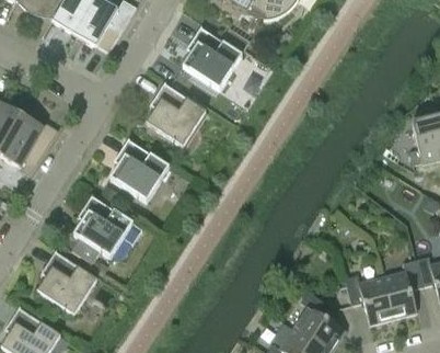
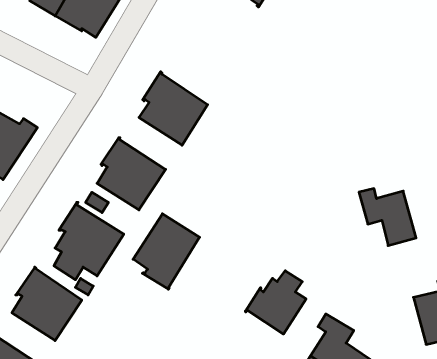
building: [182,25,242,89] -> none
building: none -> [133,214,200,289]
building: none -> [245,271,306,334]
building: [344,274,393,323] -> [359,189,416,246]

